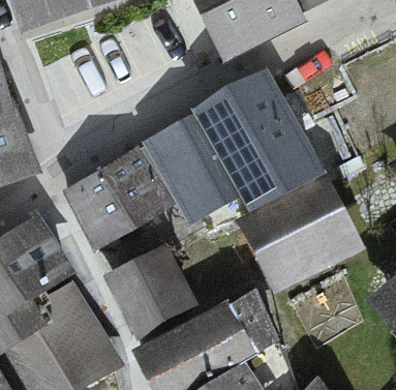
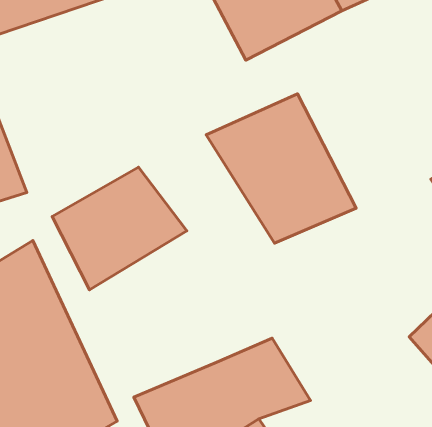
building: [138,119,245,222] -> none
building: [232,182,365,295] -> none
building: [99,243,205,344] -> none

